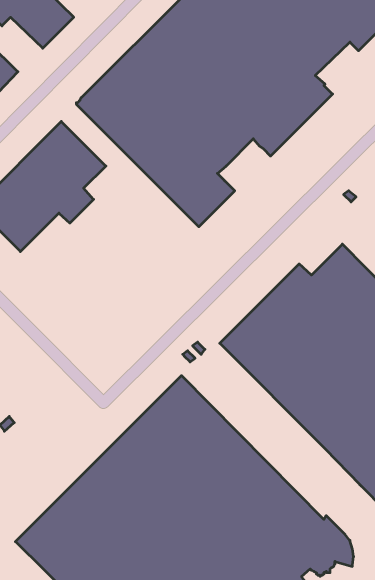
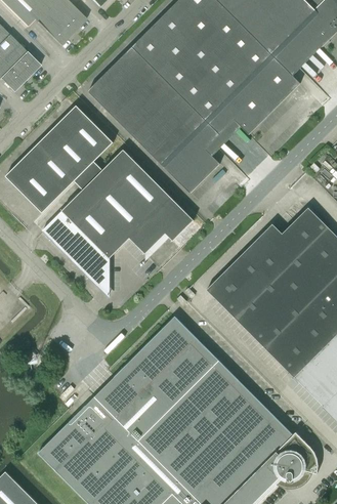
building: none -> [42,150,194,290]

